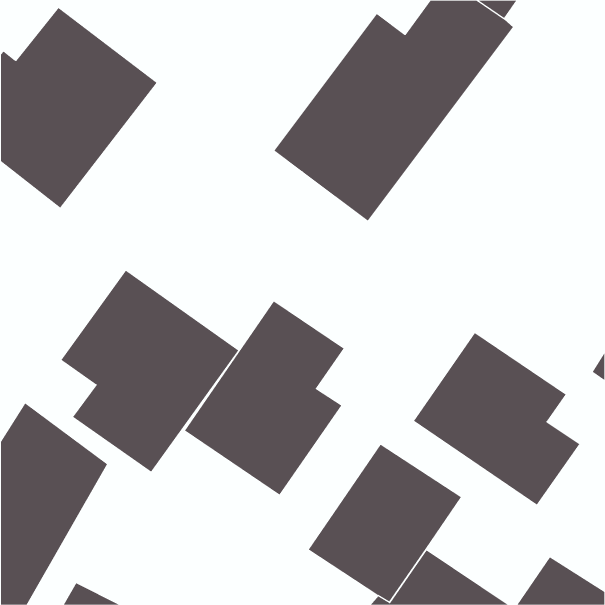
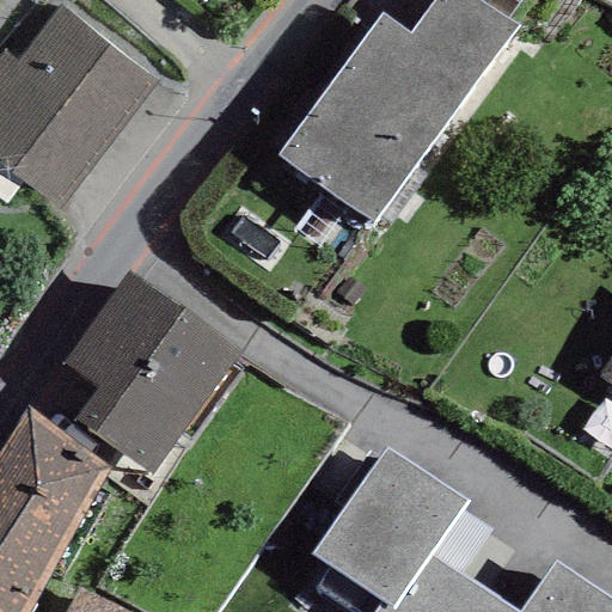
building: [184,301,345,496] -> none
building: [413,332,580,505] -> none

